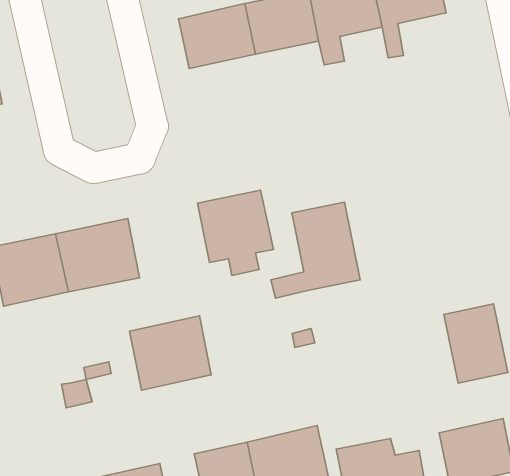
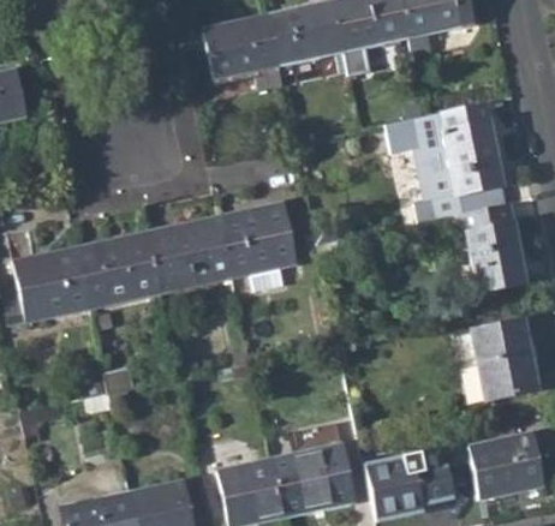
building: none -> [412,104,505,204]
building: none -> [442,202,526,291]
building: [271,202,360,298] -> none
building: [130,316,211,390] -> [150,216,233,292]

